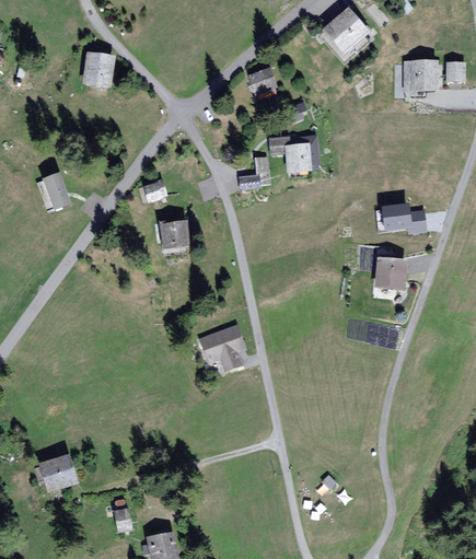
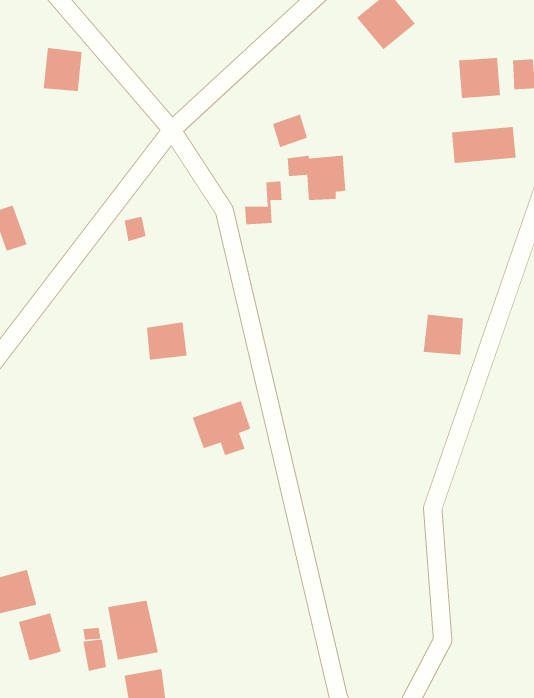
building: [247,68,275,94] -> [272,114,308,148]
building: [375,205,426,233] -> [451,127,516,163]
building: [161,219,193,248] -> [146,322,187,360]
building: none -> [107,600,159,660]
building: none -> [18,612,61,661]

